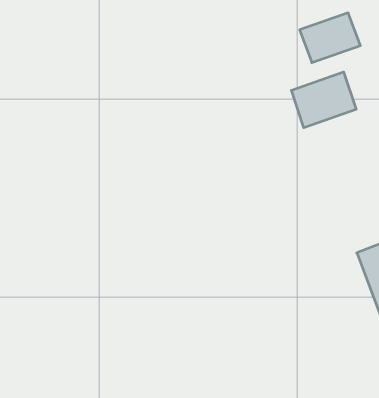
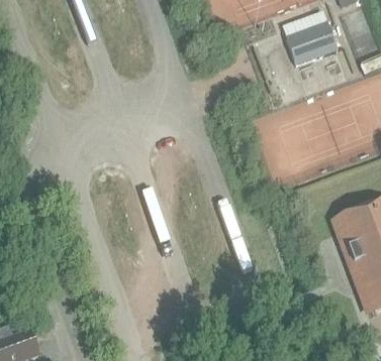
building: [291,72,356,128] -> none

